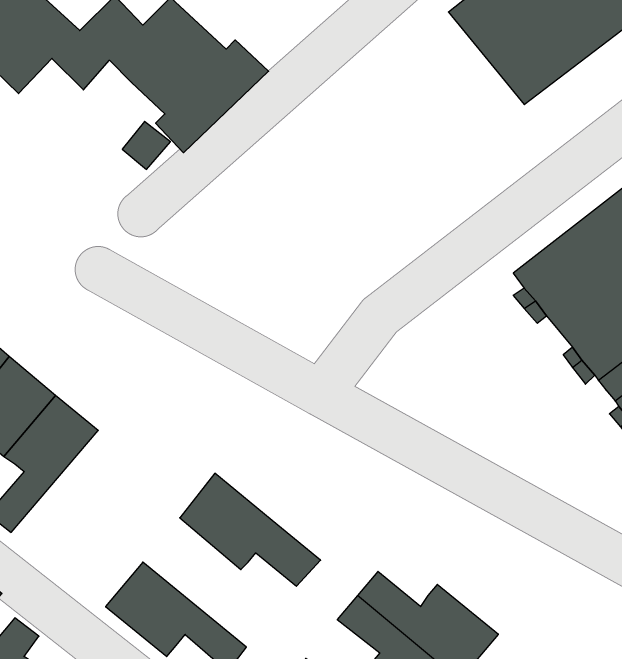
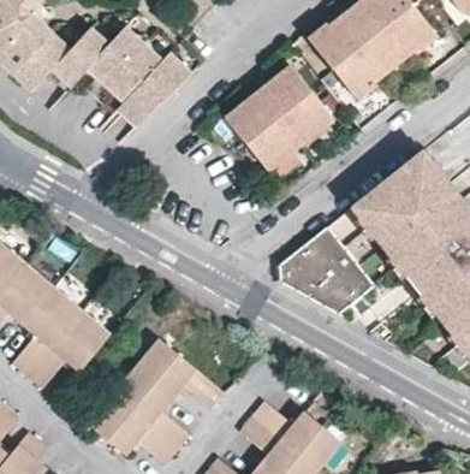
building: none -> [226,64,335,171]
building: none -> [276,226,374,314]
building: none -> [25,309,111,389]
building: none -> [111,366,190,450]

